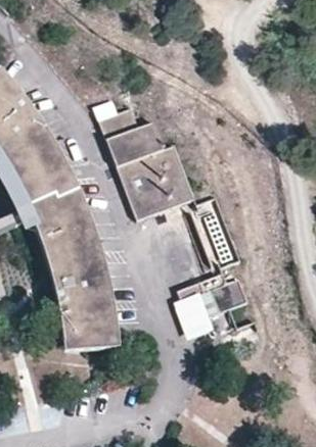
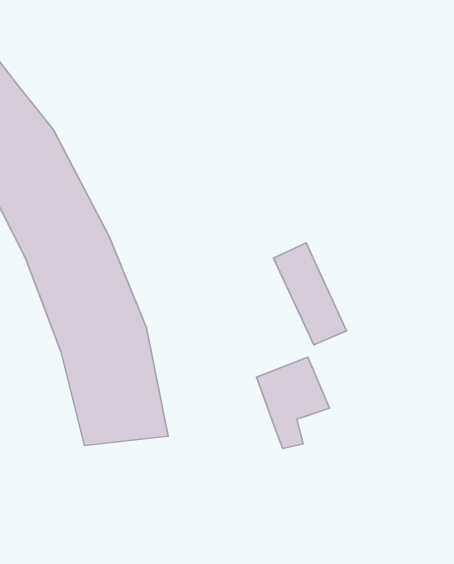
building: [96,106,194,218] -> none

